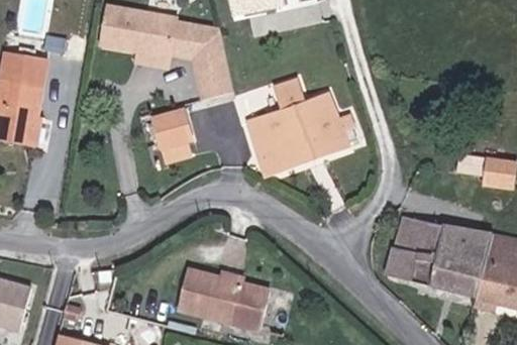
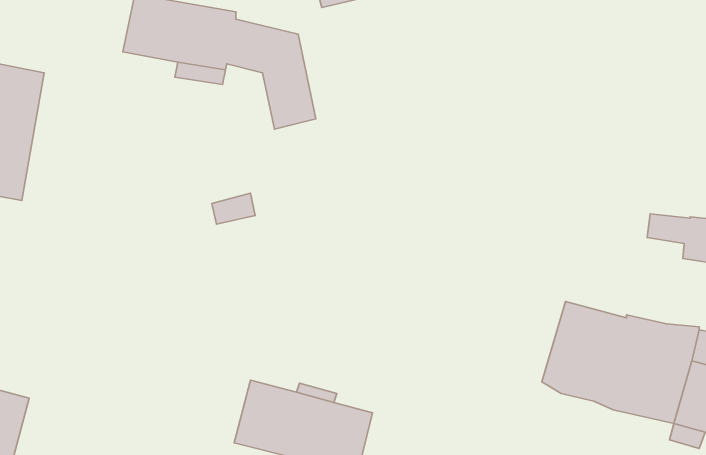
building: [247,79,355,172] -> none
building: [152,110,191,148] -> none

